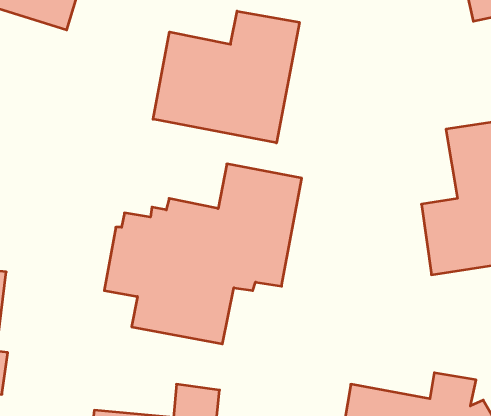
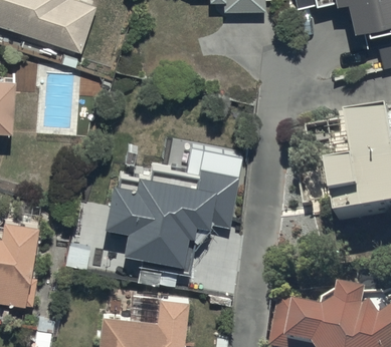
building: [153,11,299,143] -> none

